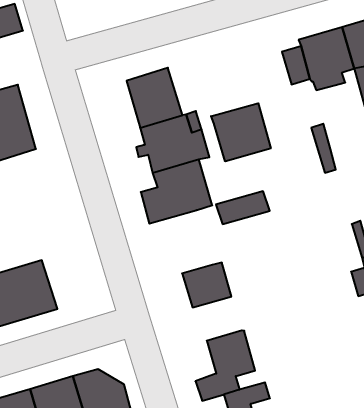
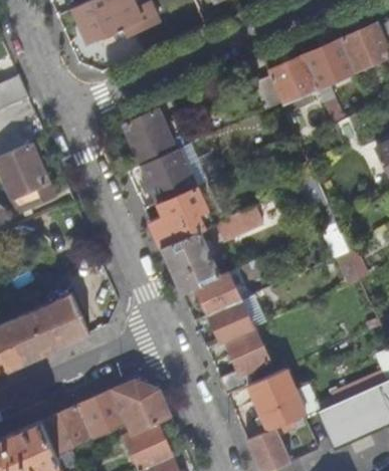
building: [211,103,271,161] -> none
building: none -> [161,230,220,292]
building: none -> [208,300,253,343]

